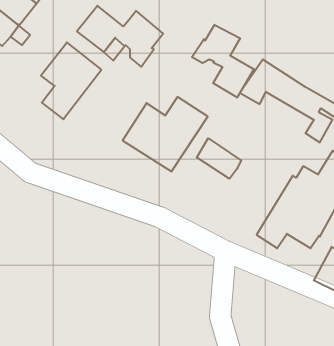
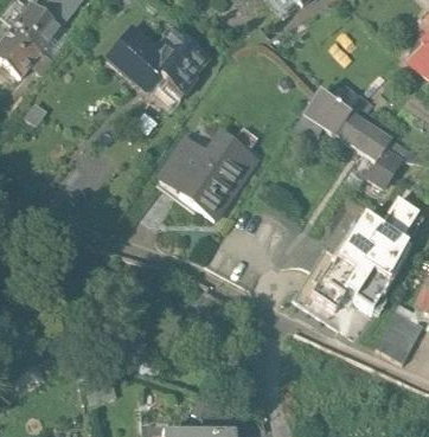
building: [192,25,254,98] -> none
building: [41,42,101,119] -> none
building: [197,138,241,179] -> none

